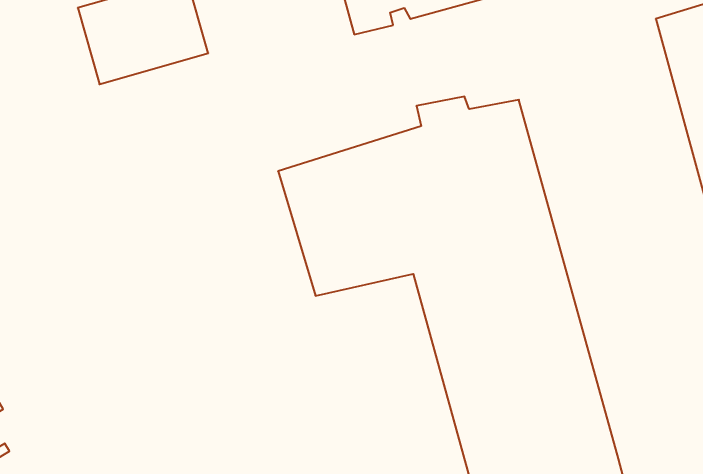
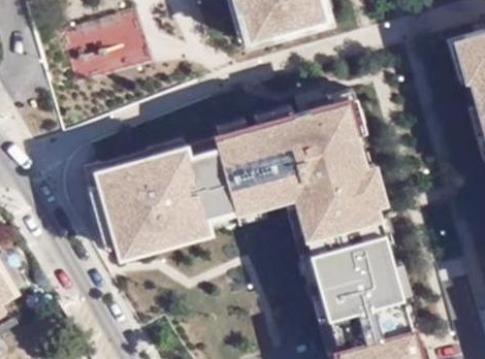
building: none -> [95,138,221,253]

